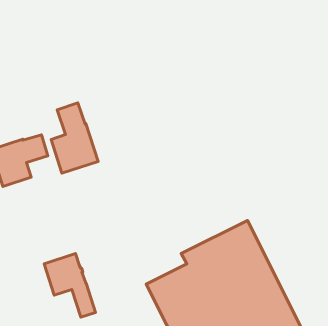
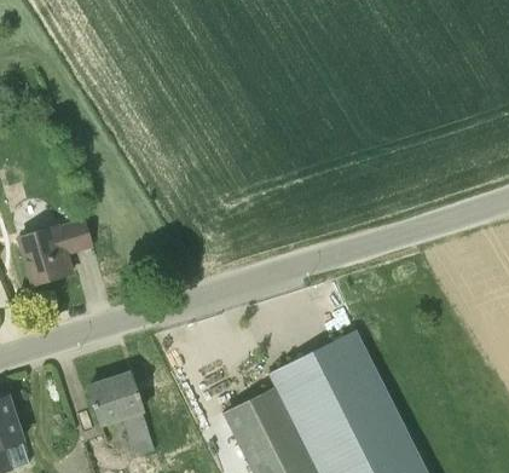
building: [51,103,98,173] -> none

